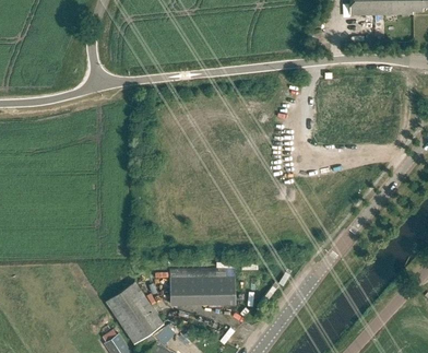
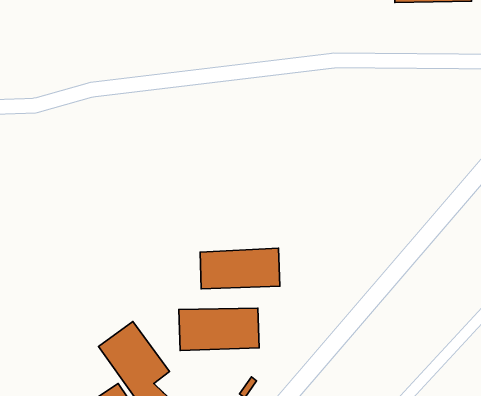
building: none -> [200,248,280,289]

